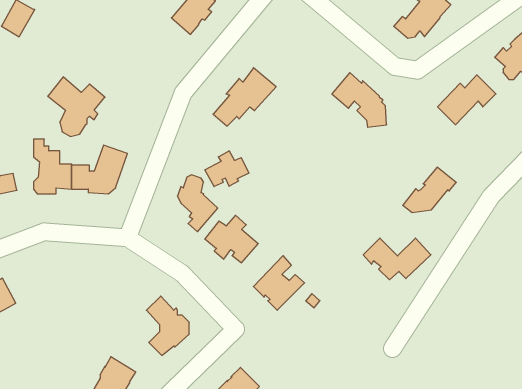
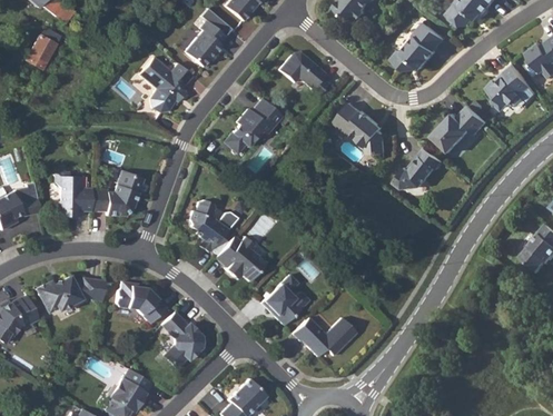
building: none -> [279,52,329,96]
building: [48,77,105,136] -> [139,57,192,112]
building: [205,151,249,187] -> none
building: [403,167,456,212] -> [395,147,445,189]
building: [363,238,431,280] -> [293,317,356,356]
building: none -> [37,276,105,311]
building: none -> [116,281,166,323]

